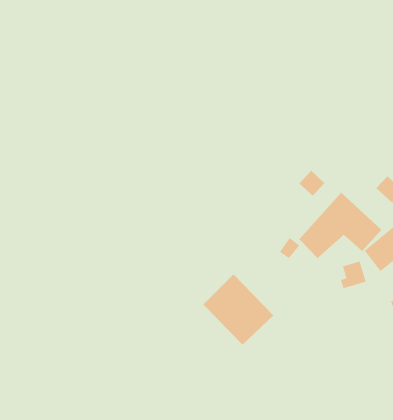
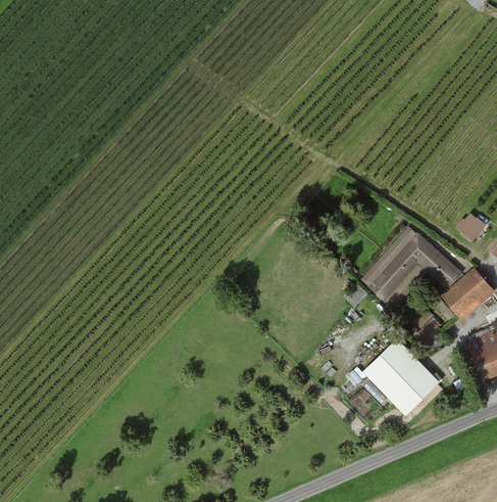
building: [299,170,325,197] -> none
building: [202,274,274,345] -> [360,335,441,416]

